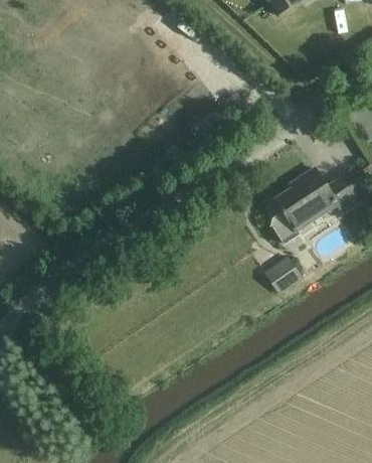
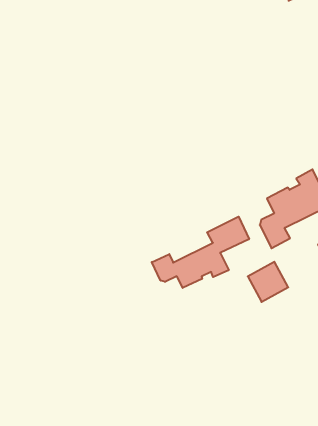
building: none -> [152,217,249,288]

